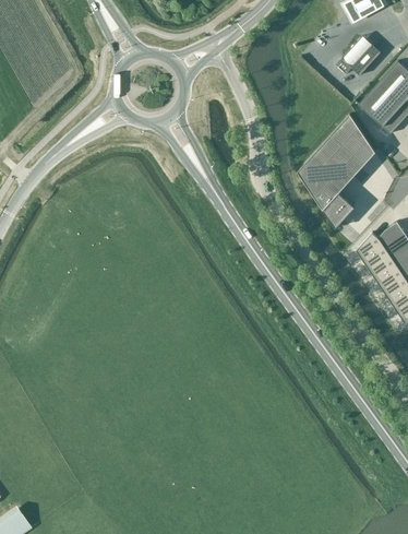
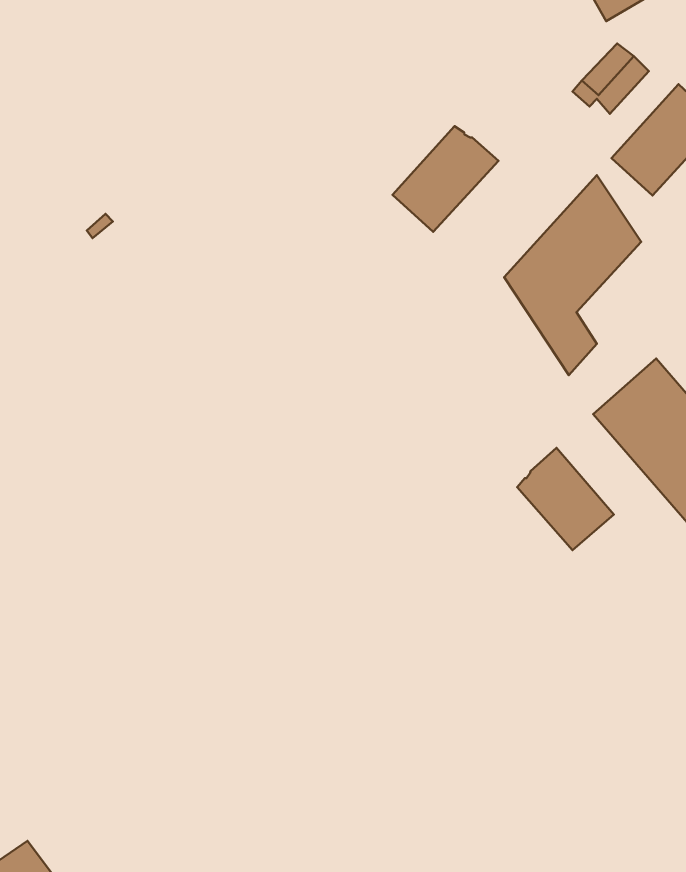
building: none -> [393,126,498,232]
building: none -> [517,448,614,550]

